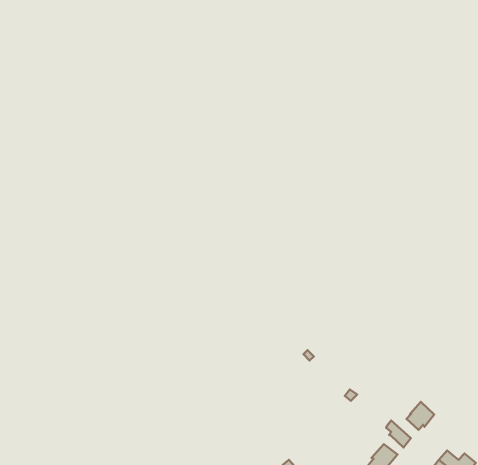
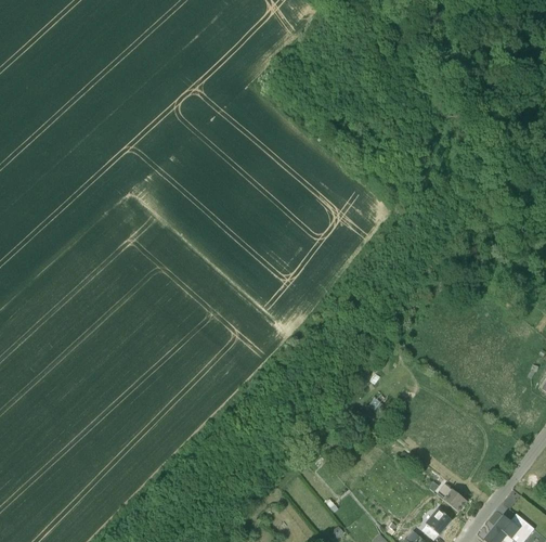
building: [407,402,434,430] -> none

